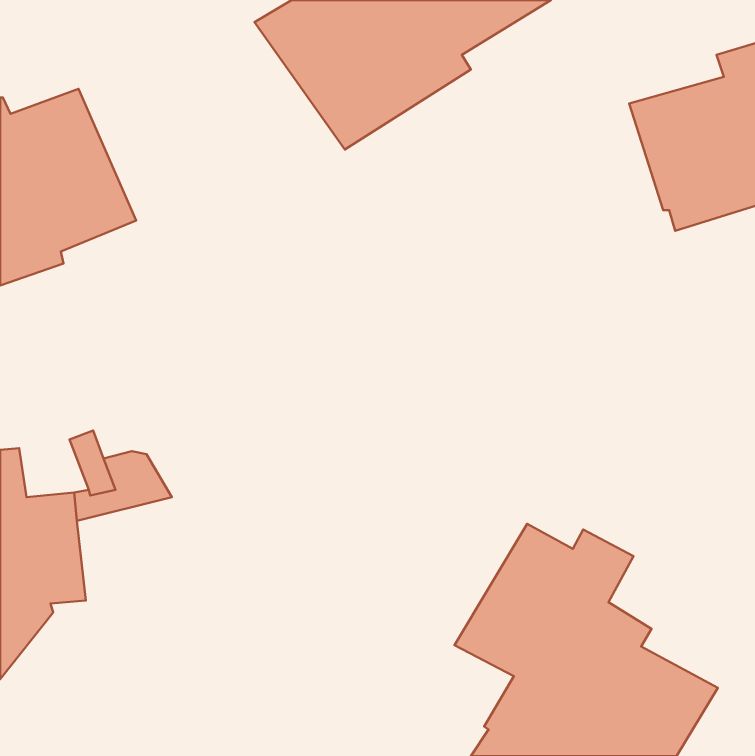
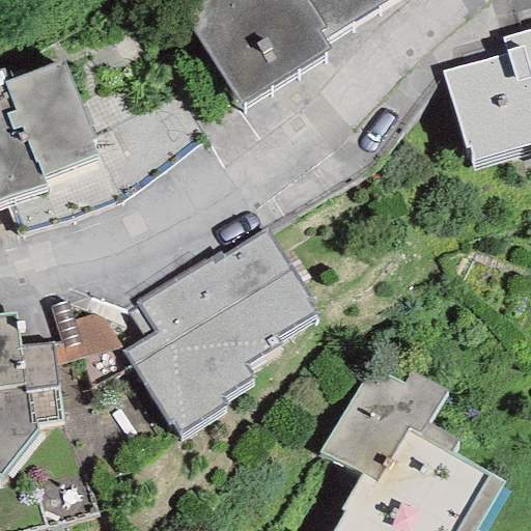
building: none -> [122,229,318,436]

